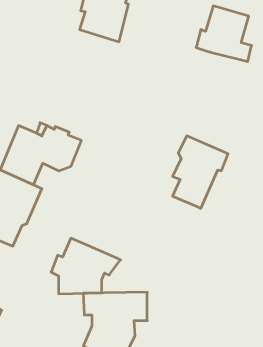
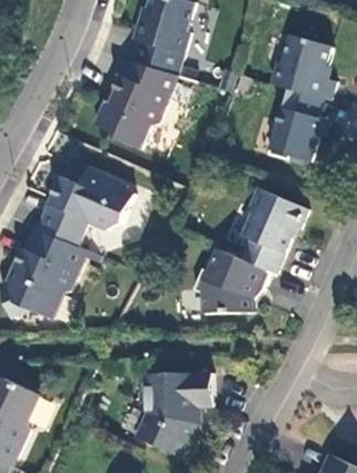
building: none -> [95,61,179,150]
building: none -> [269,89,328,161]
building: [51,238,121,294] -> [194,248,276,314]

